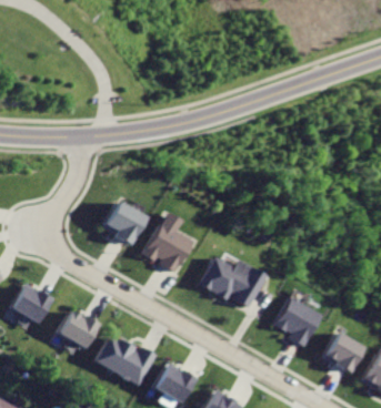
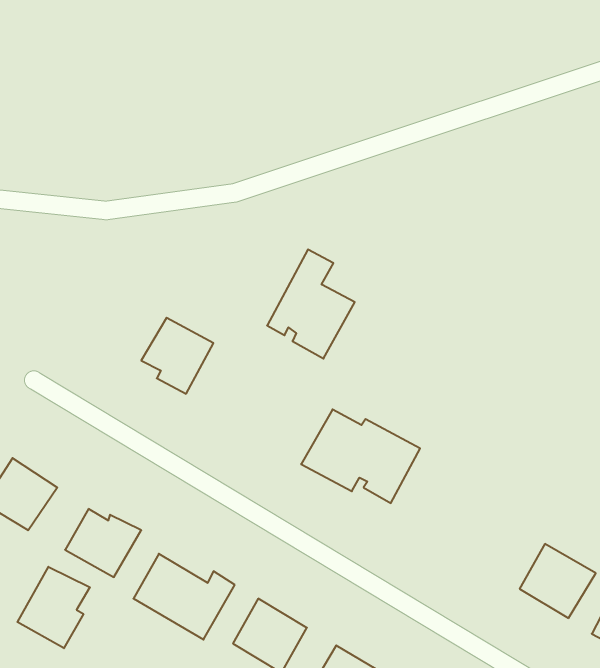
building: [140,211,190,273] -> [267,249,355,359]
building: [270,297,318,346] -> none
building: none -> [17,567,90,648]

